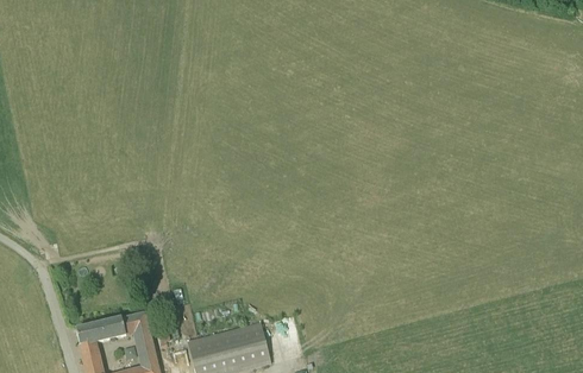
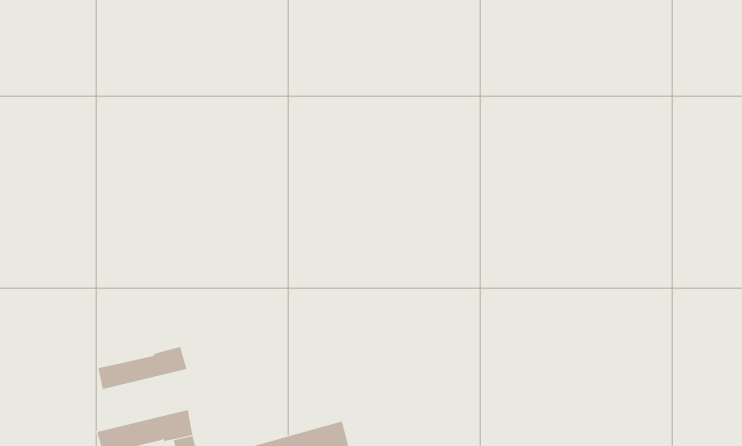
building: none -> [98,346,187,390]

